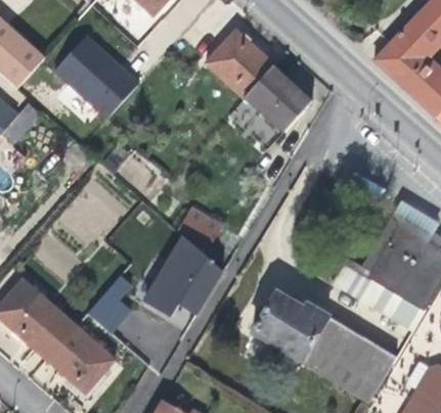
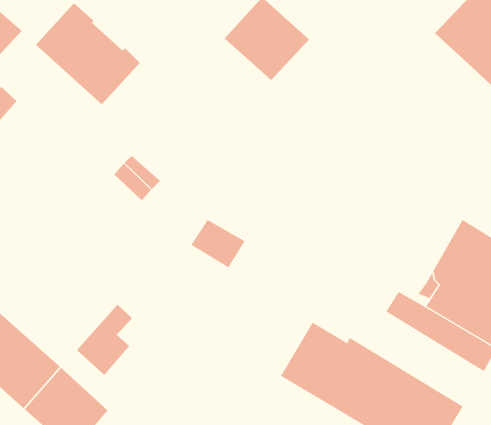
building: [244,64,312,132] -> none
building: [143,236,221,317] -> none

